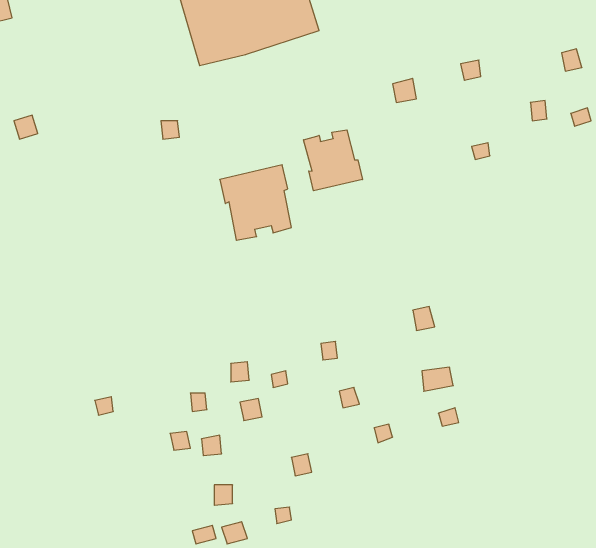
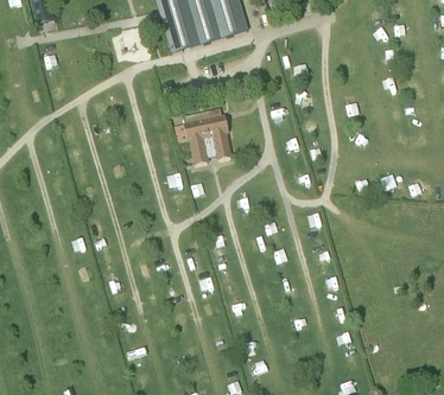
building: [304,130,362,191] -> none

